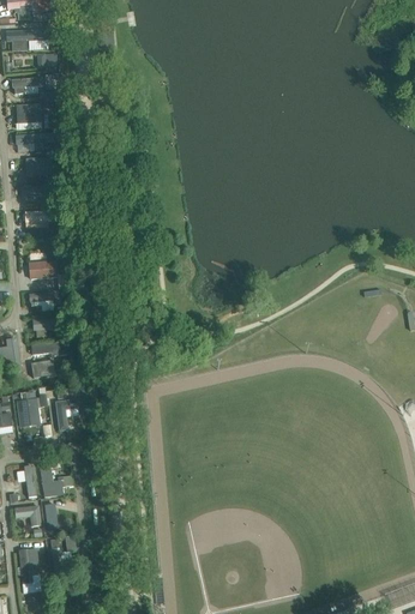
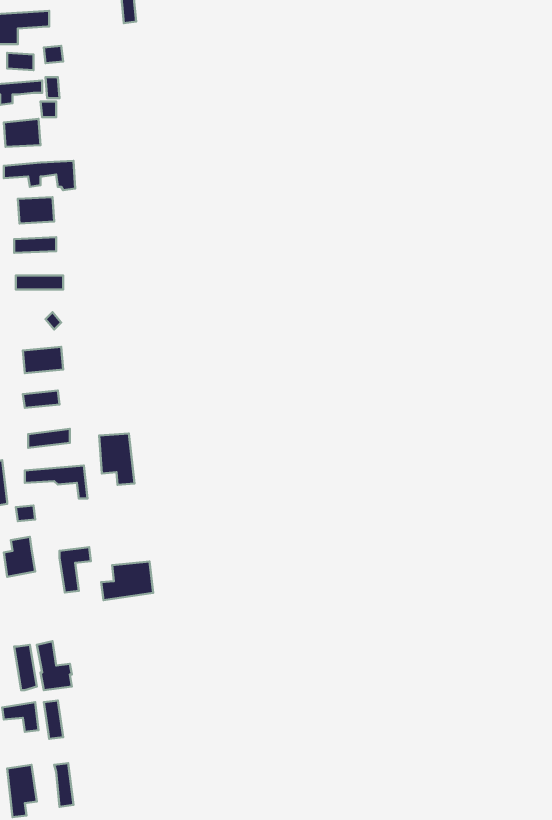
building: none -> [99,433,134,485]
building: none -> [101,561,153,600]

